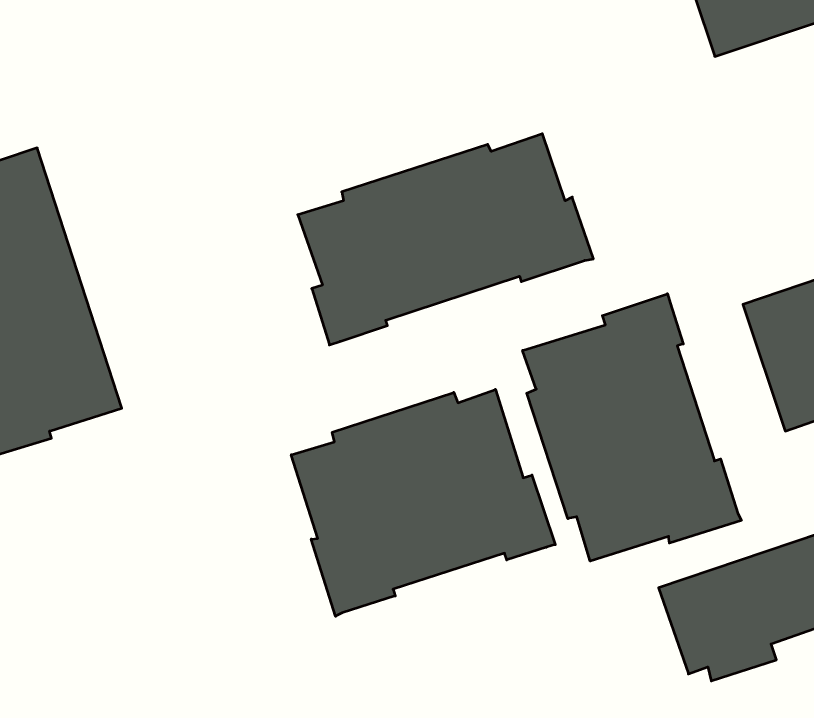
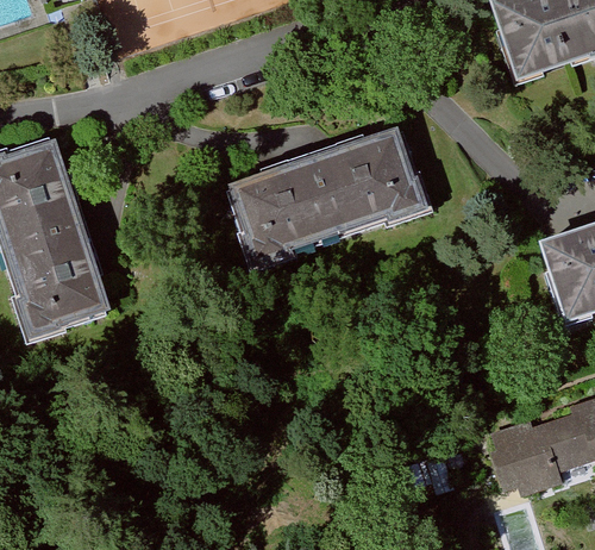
building: [523,294,741,561] -> none
building: [291,389,555,616] -> none

